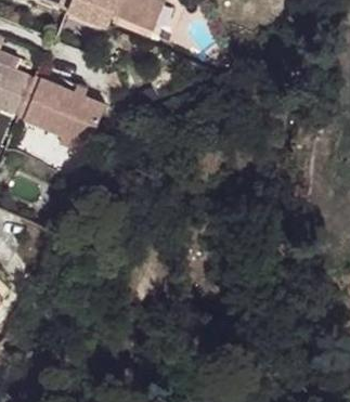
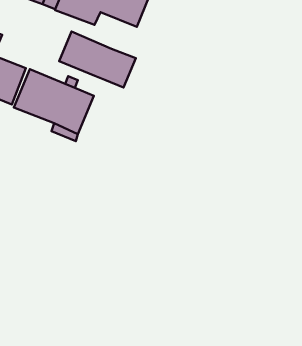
building: none -> [59,32,136,88]

